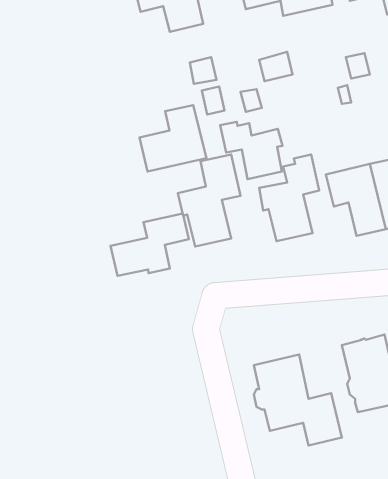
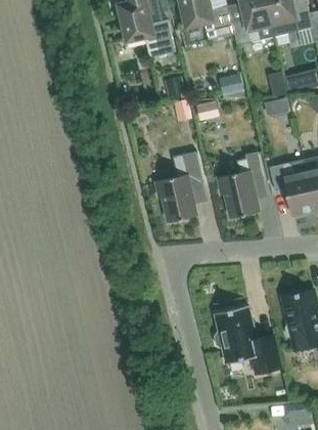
building: [140,105,206,171] -> none
building: [220,122,282,179] -> none
building: [111,213,189,276] -> none

